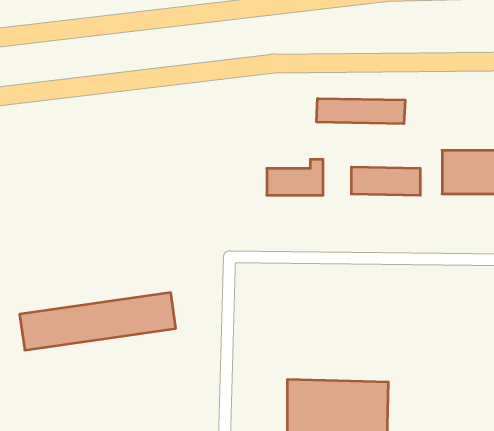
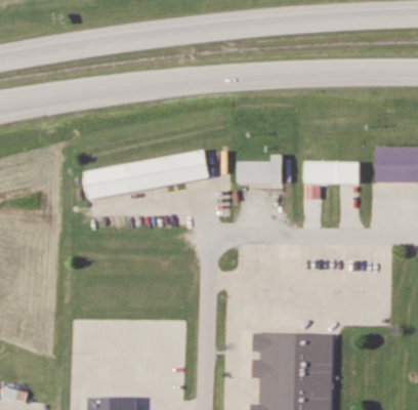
building: [317,98,405,124] -> none
building: [20,293,176,350] -> [83,152,208,198]

